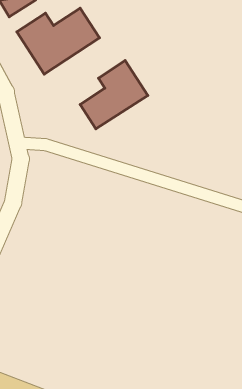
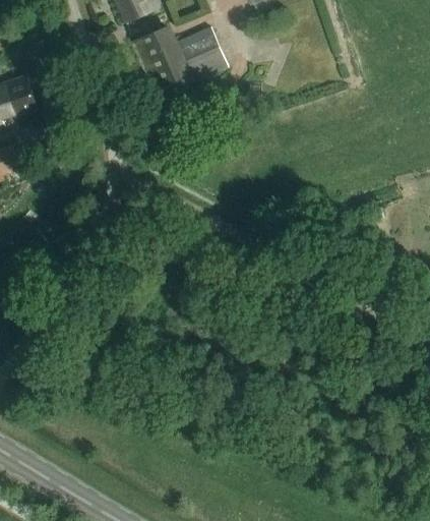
building: [80,61,148,129] -> none

